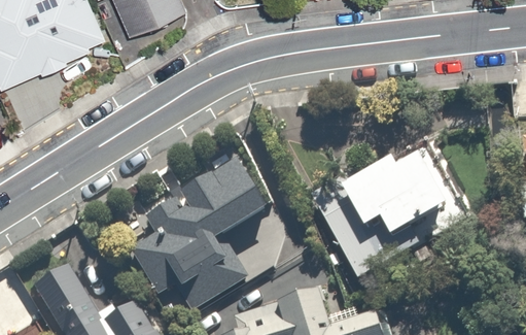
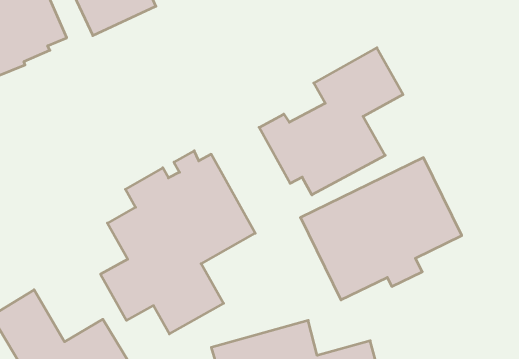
building: none -> [259,48,403,195]

